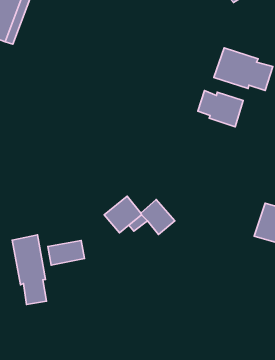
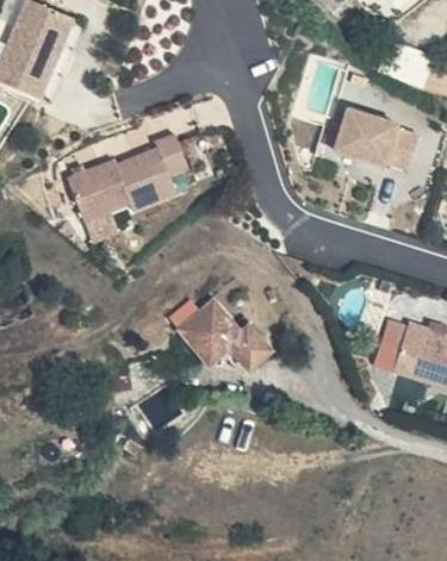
building: none -> [67,137,191,225]
building: [198,91,243,127] -> none
building: [12,235,46,305] -> none

